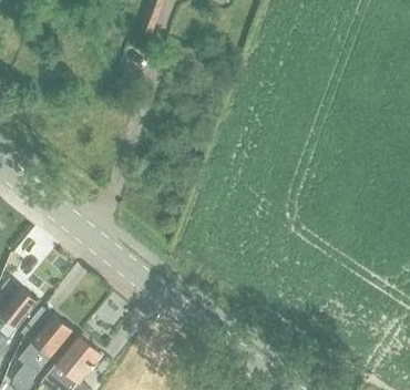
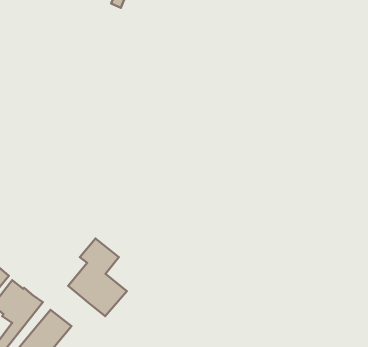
building: none -> [68,239,127,316]

